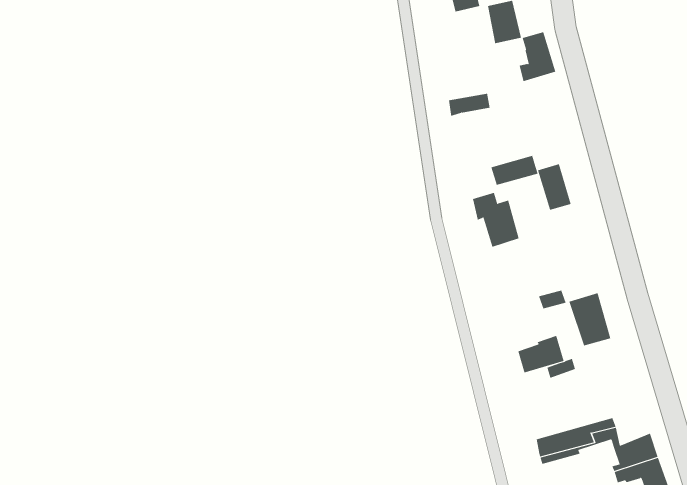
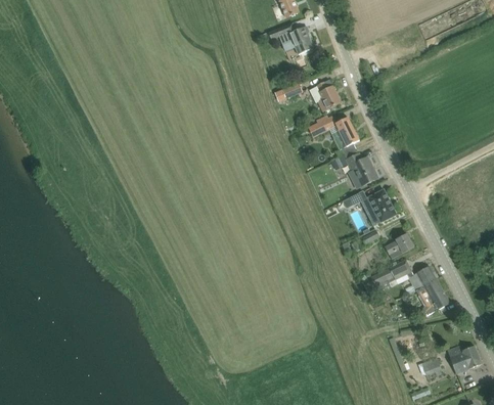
building: [519,31,556,82] -> [316,80,340,111]
building: [472,192,520,248] -> [346,153,377,186]
building: [517,335,565,373] -> [385,233,413,259]

